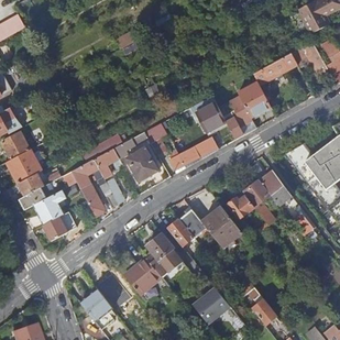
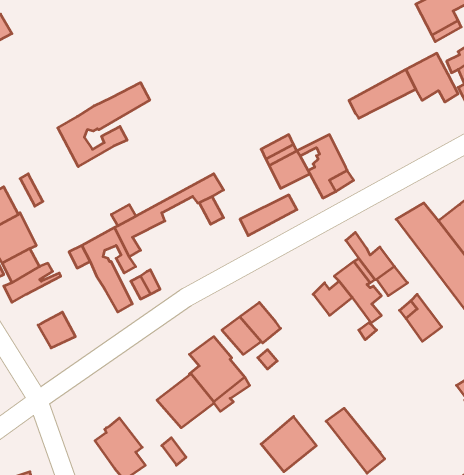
building: none -> [58,83,150,167]
building: [238,81,271,118] -> none
building: [127,147,158,180] -> none
building: [35,189,67,223] -> none
building: [204,206,243,249] -> none

